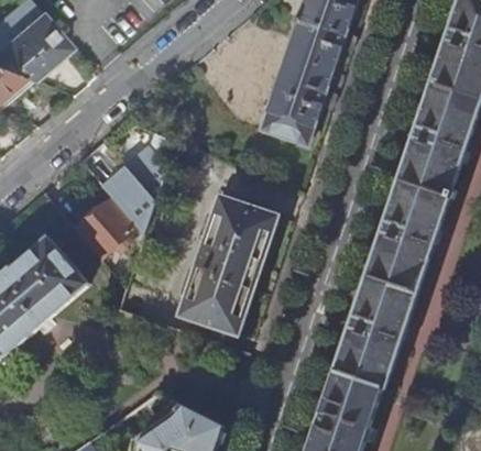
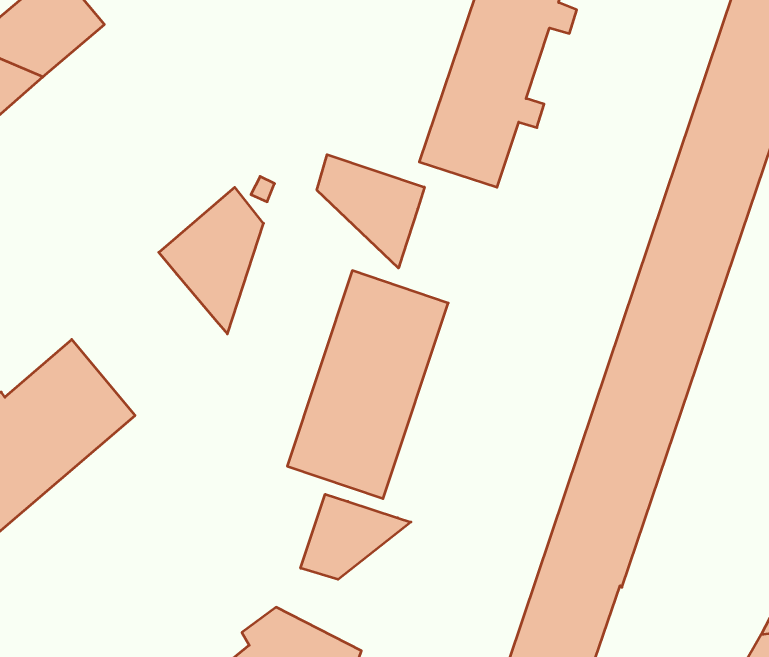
building: none -> [317,155,424,268]
building: [75,198,136,258] -> none
building: none -> [301,494,411,579]

